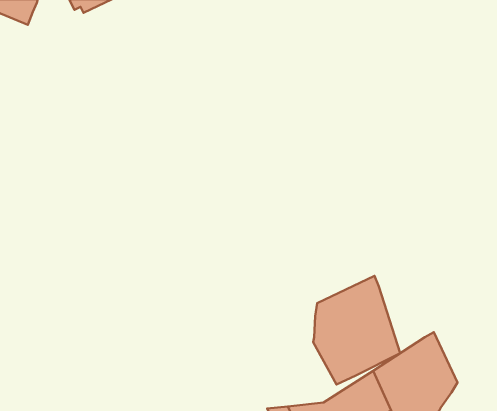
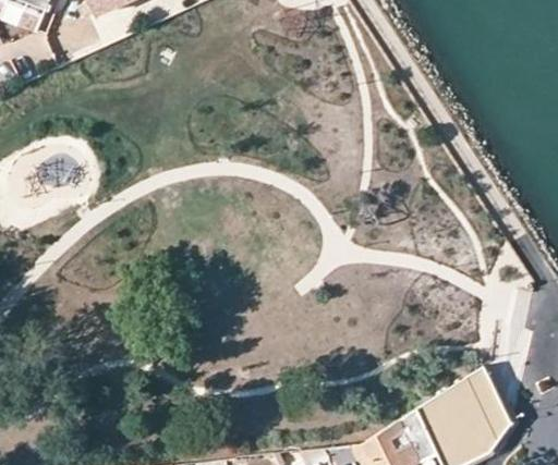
building: [313,276,400,385] -> none

